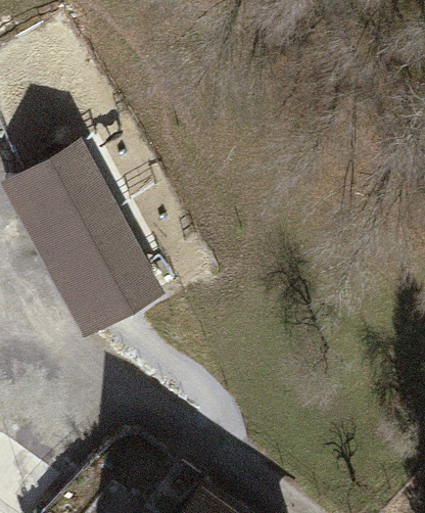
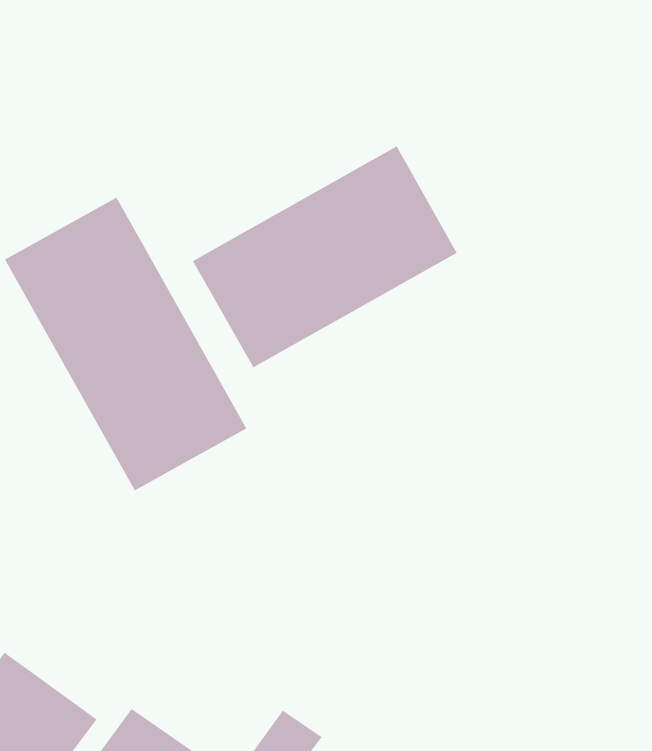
building: none -> [192,146,458,368]

